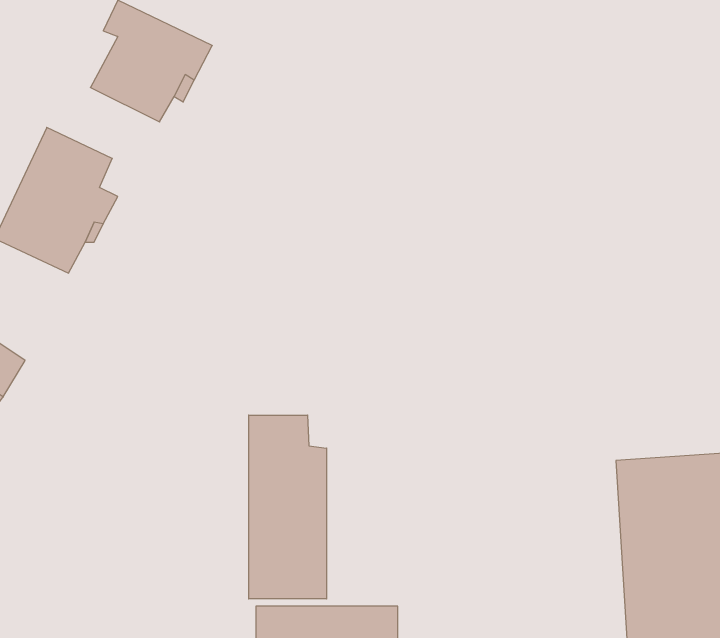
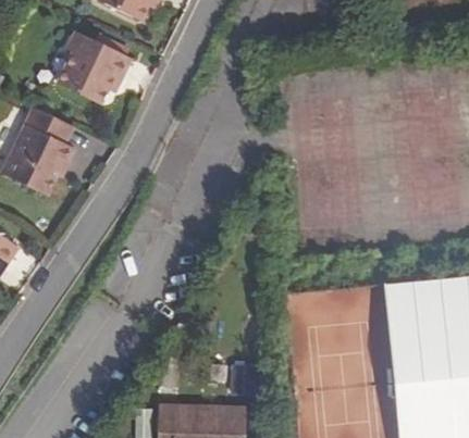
building: [249,415,327,599] -> none

